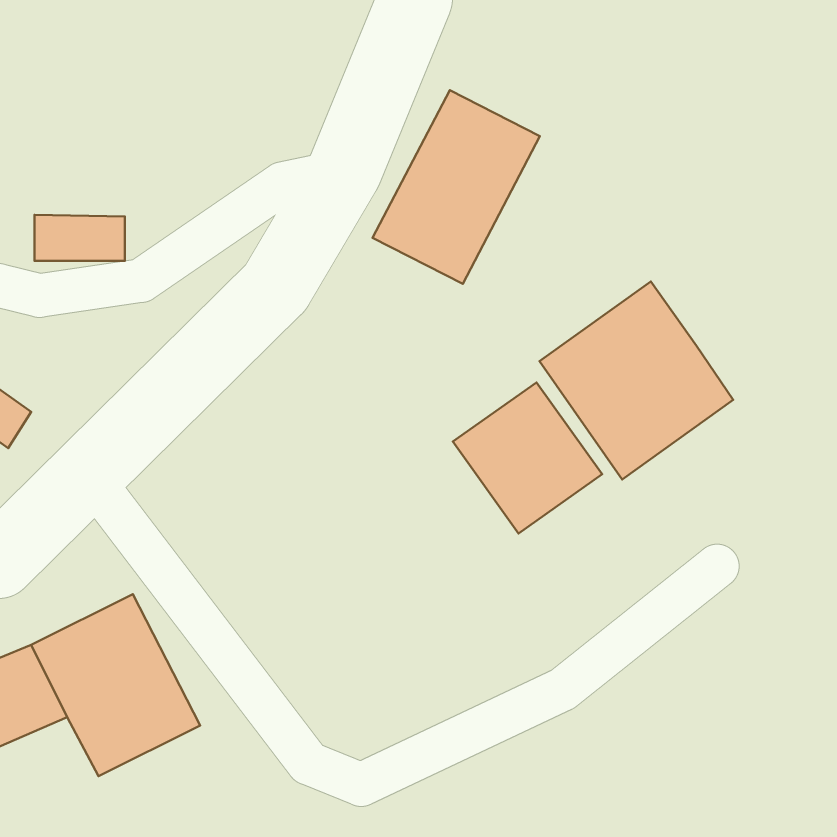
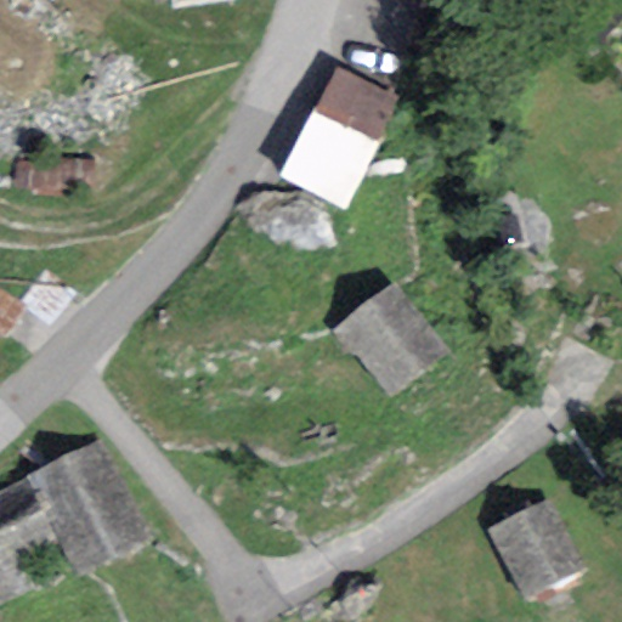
building: [540,282,733,479] -> none
building: none -> [490,499,584,599]

